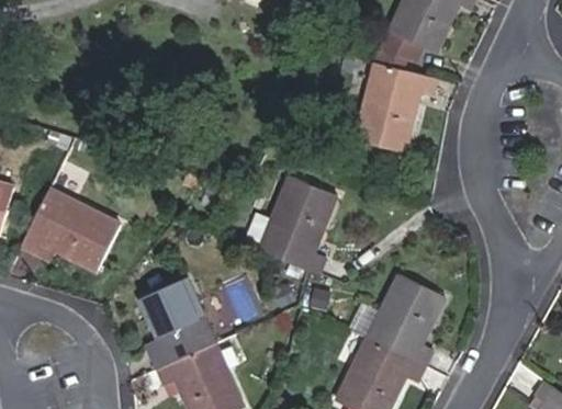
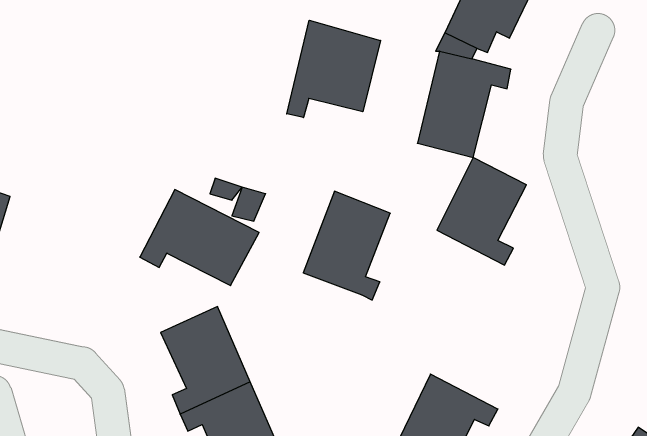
building: none -> [287,20,381,118]
building: [20,186,121,268] -> [140,190,259,286]
building: [368,274,443,365] -> [437,157,526,265]

